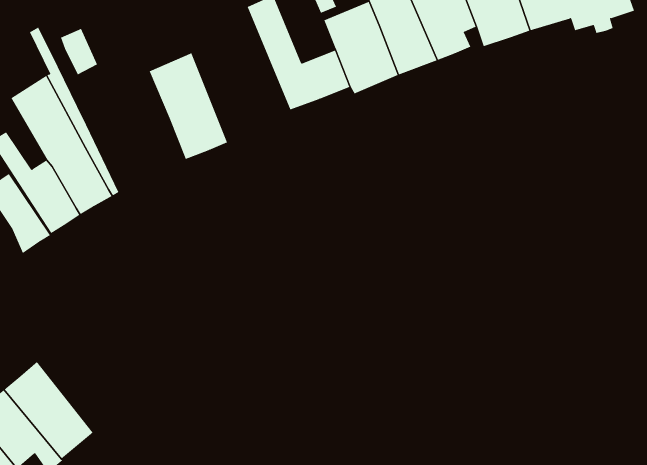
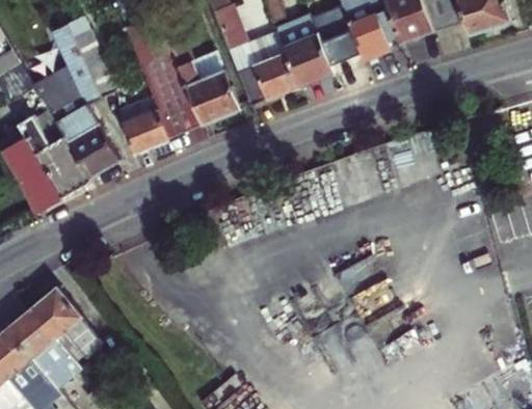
building: none -> [56,28,115,105]
building: none -> [172,40,239,122]
building: none -> [125,104,169,148]

